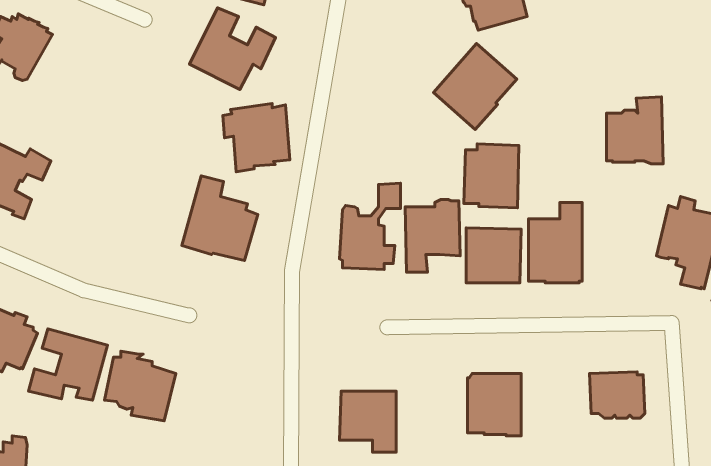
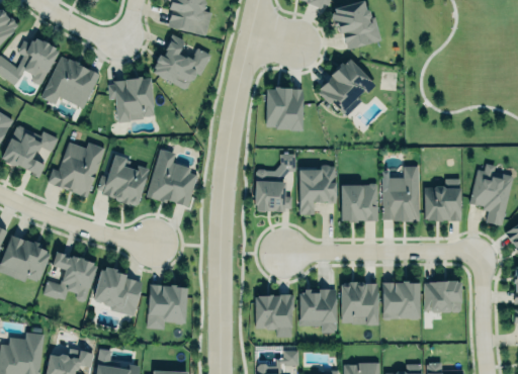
building: none -> [40,56,100,108]
building: [606,97,663,164] -> [424,177,462,222]
building: [223,104,290,172] -> [108,77,154,123]
building: [464,144,519,208] -> [265,87,303,130]
building: none -> [48,143,105,197]
building: none -> [98,156,149,206]
building: none -> [381,277,420,318]
building: none -> [146,283,188,331]
building: none -> [298,289,336,333]

